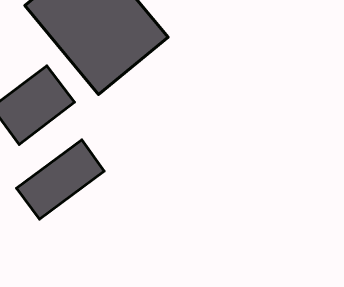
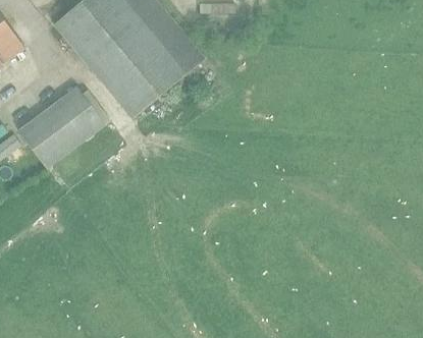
building: [16,140,104,219] -> none

